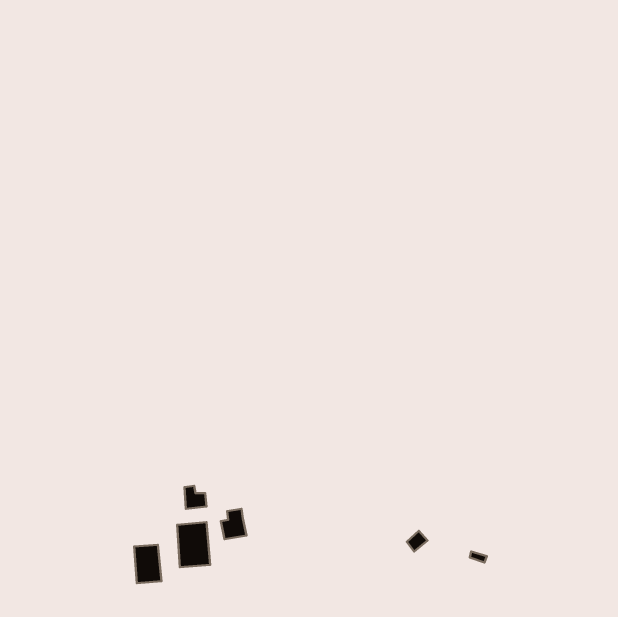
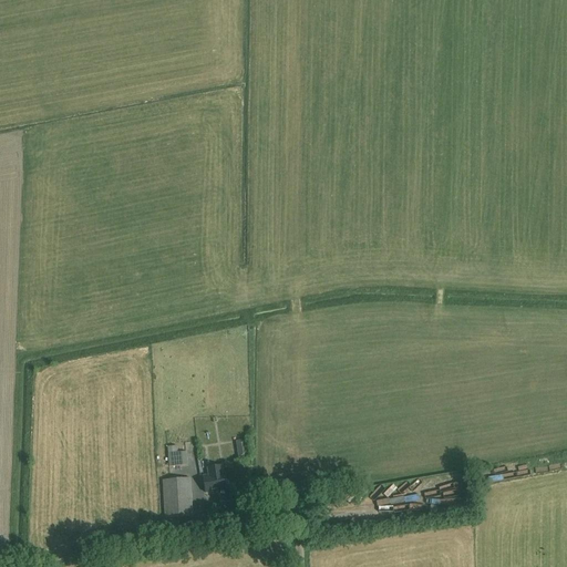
building: [134,545,161,583] -> none

